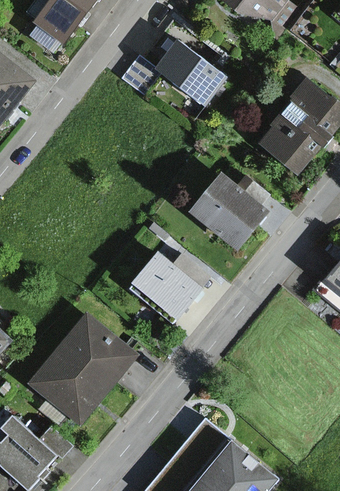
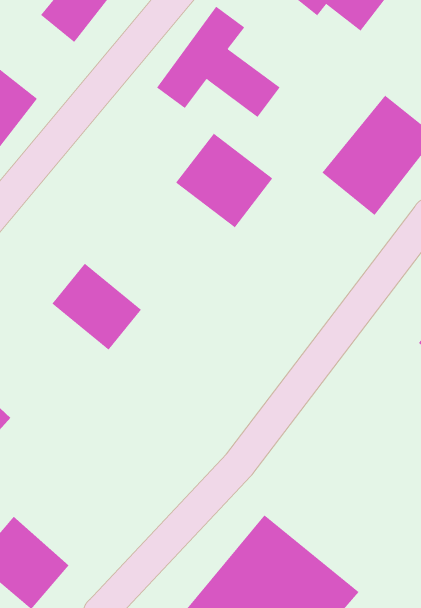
building: [187,177,264,252] -> [175,133,273,228]
building: [127,257,198,326] -> [52,263,142,350]
building: [31,317,133,423] -> none

